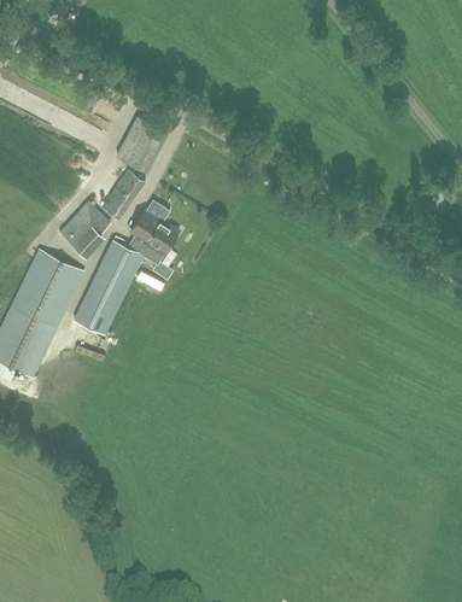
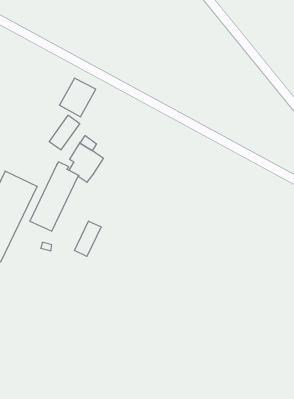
building: [59,201,110,257] -> none
building: none -> [75,221,101,256]

